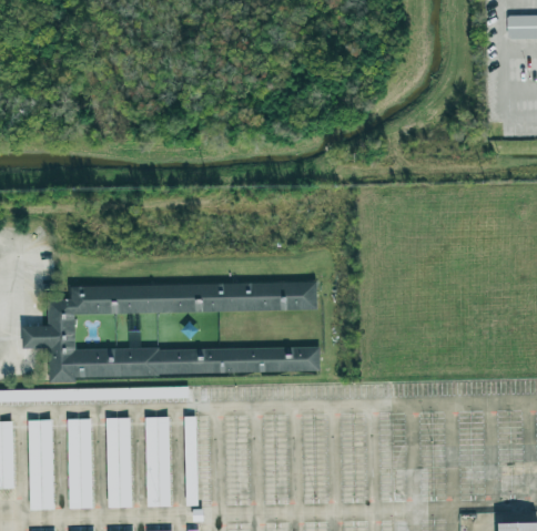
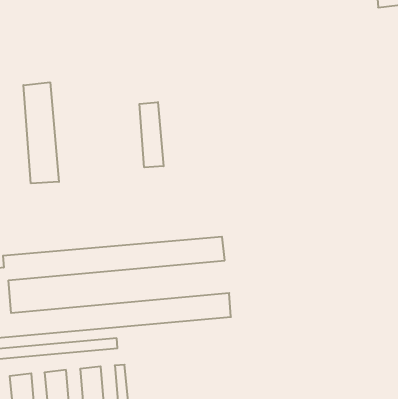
building: none -> [23,82,59,183]
building: none -> [139,102,164,167]

